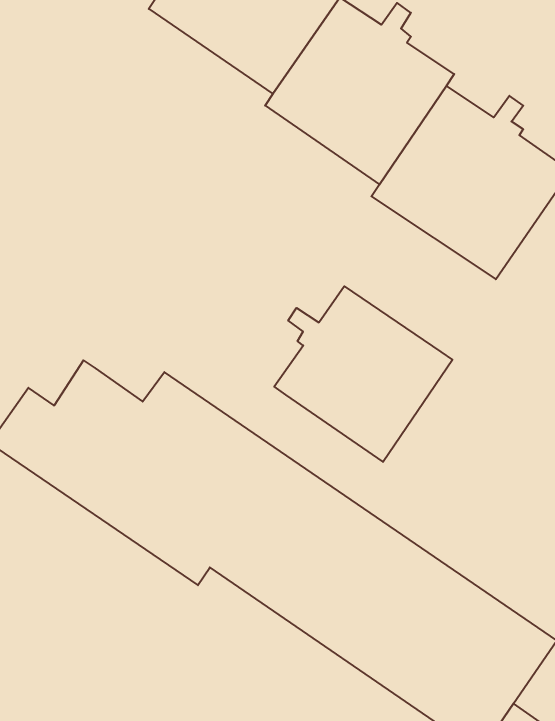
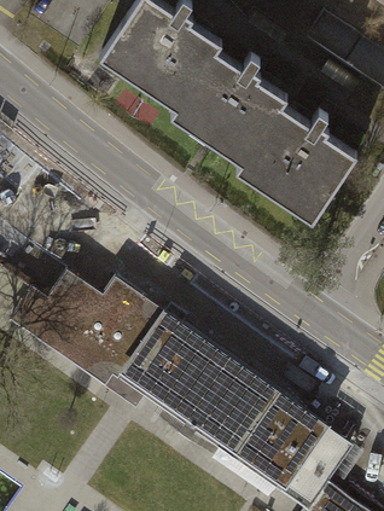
building: [274,286,452,462] -> none

